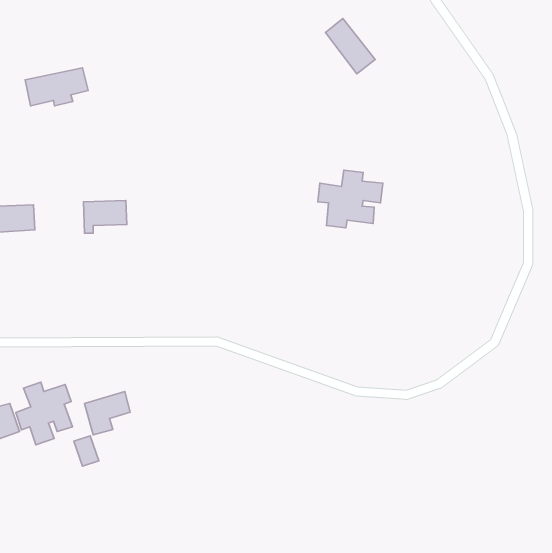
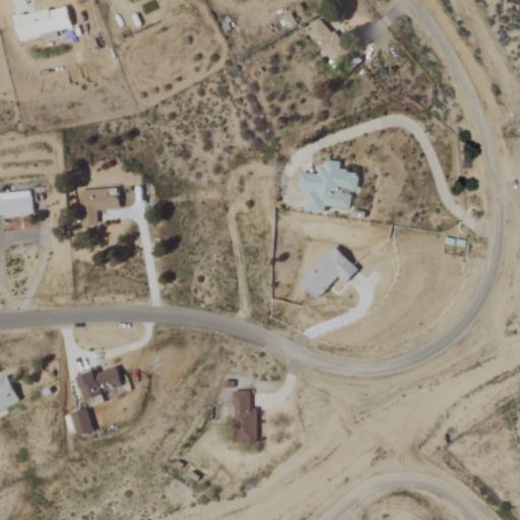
building: [25,68,88,106] -> [12,5,71,41]
building: none -> [299,246,358,299]
building: [16,382,72,445] -> none
building: none -> [233,391,256,441]

